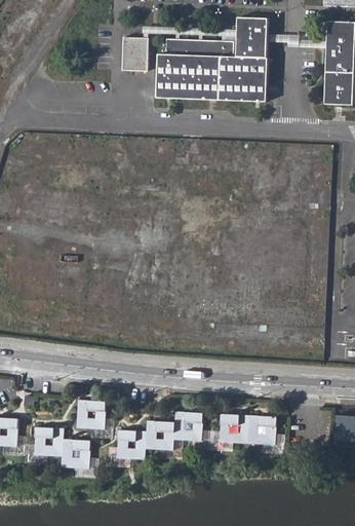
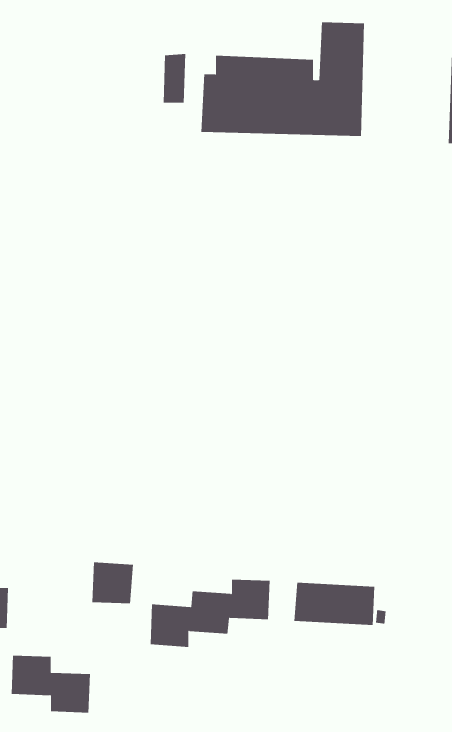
building: [33,427,89,468] -> [11,655,91,713]

